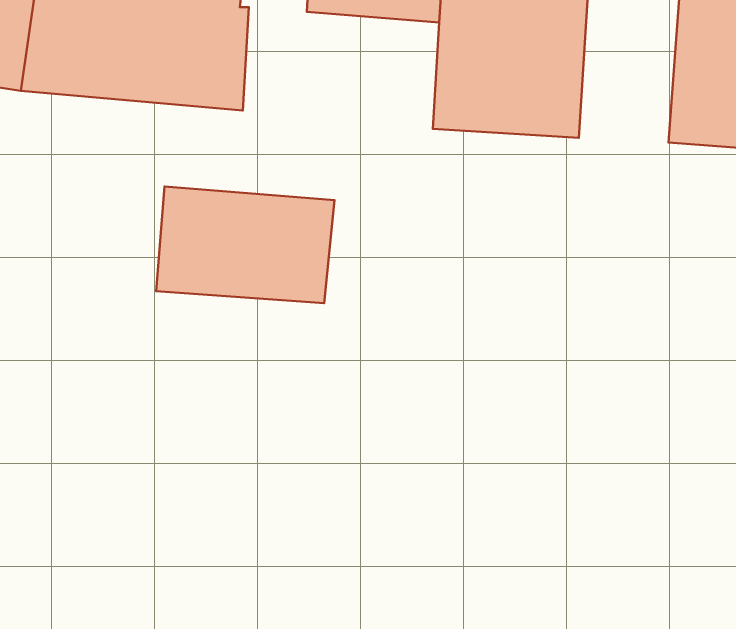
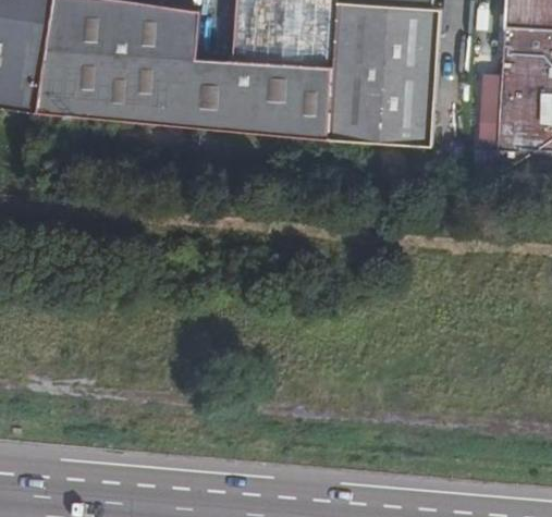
building: none -> [188,51,329,138]
building: [156,187,334,303] -> none

